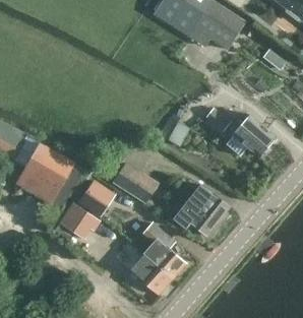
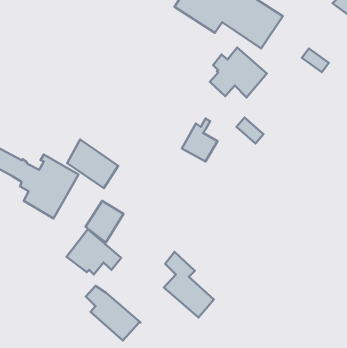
building: [225,114,274,156] -> [210,47,267,97]
building: [111,160,155,201] -> [67,140,118,188]
building: [174,185,228,235] -> none
building: [125,247,172,294] -> [86,286,141,341]

